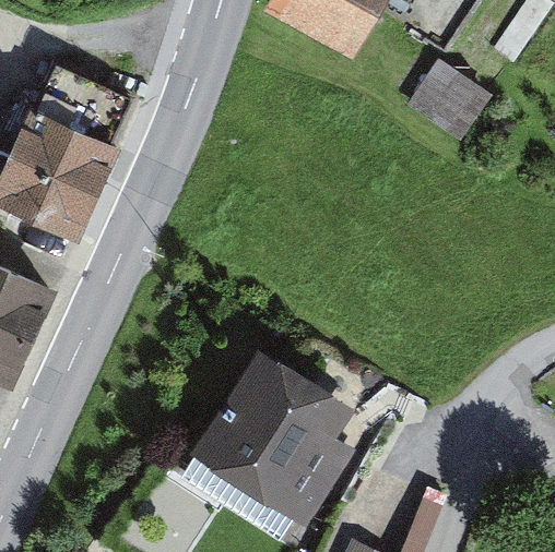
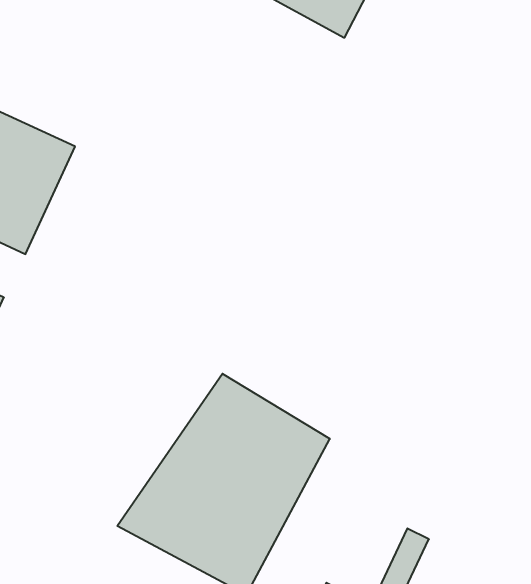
building: [410,53,496,137] -> none

